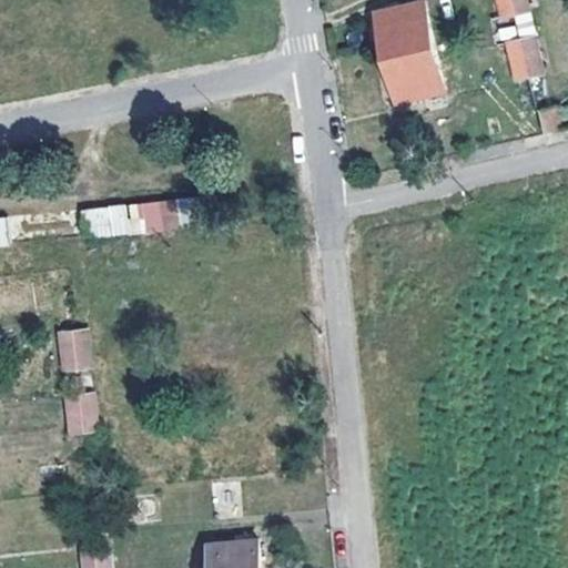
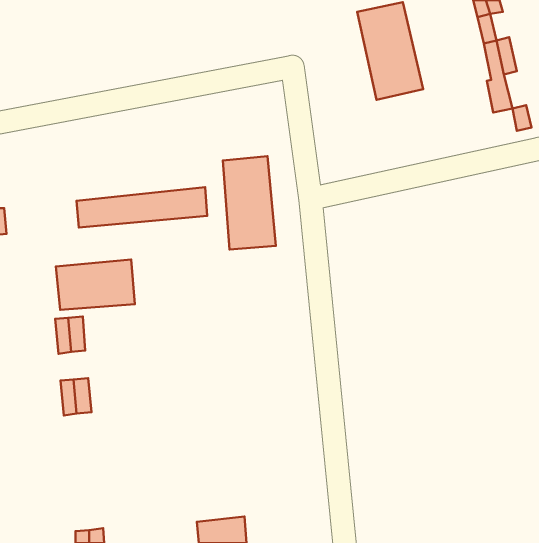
building: none -> [223,156,276,250]
building: none -> [56,260,135,310]

